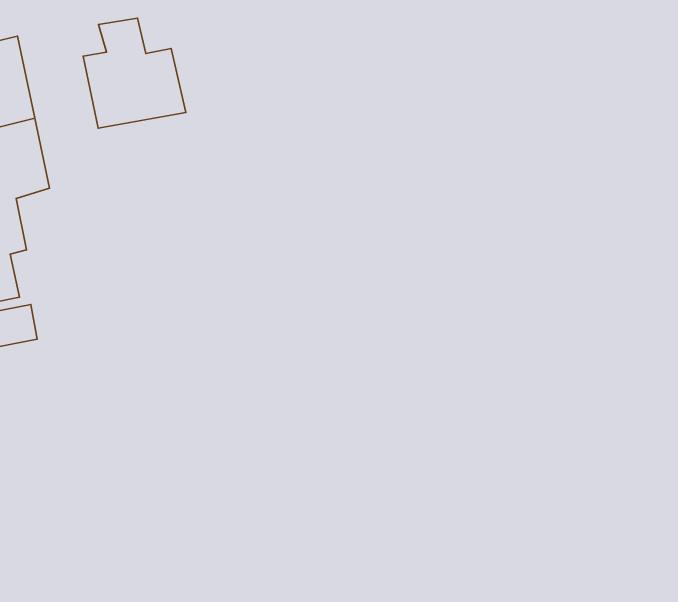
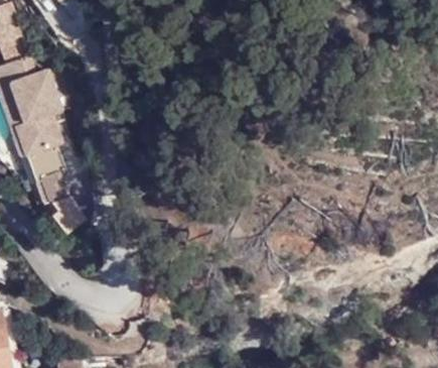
building: [83,18,186,128] -> none

